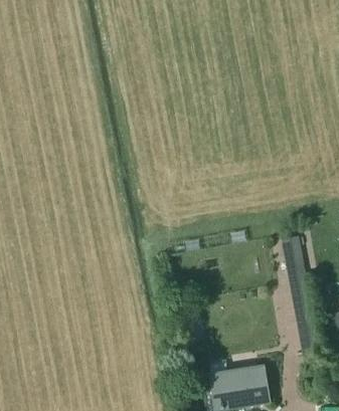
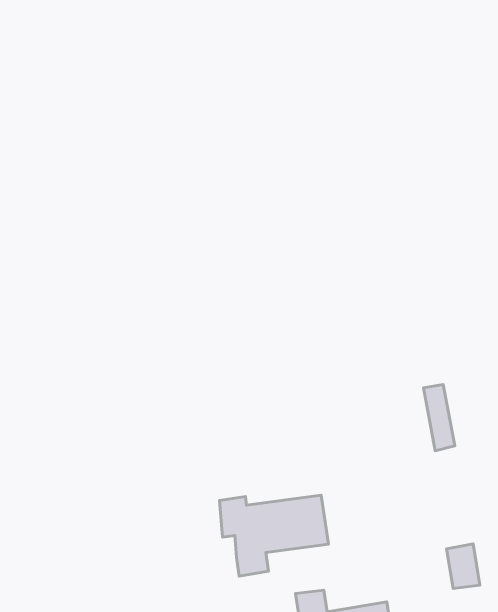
building: none -> [220,495,328,576]

